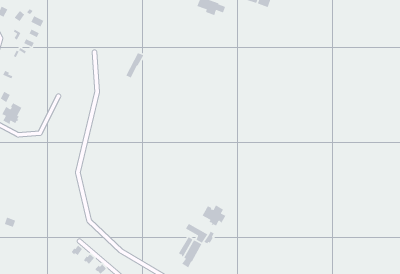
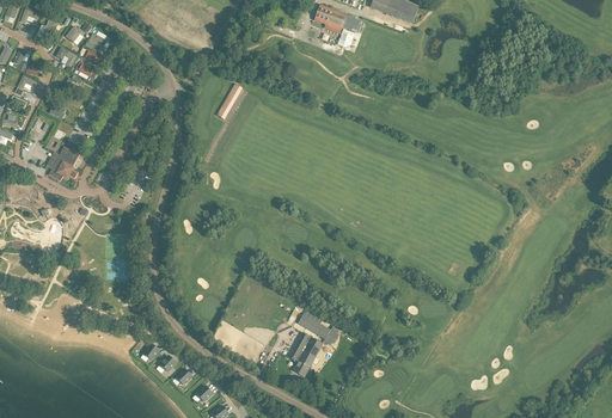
building: [202,204,226,227] -> none

